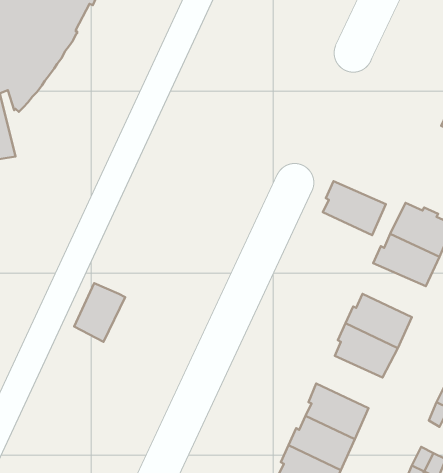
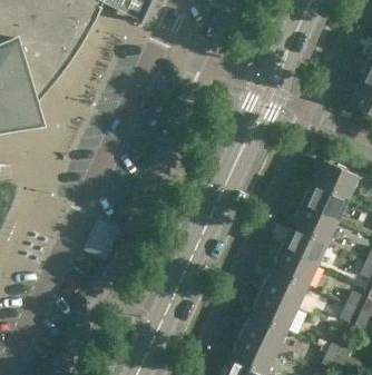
building: [323,181,386,235] -> [292,206,337,245]
building: none -> [258,273,306,310]

